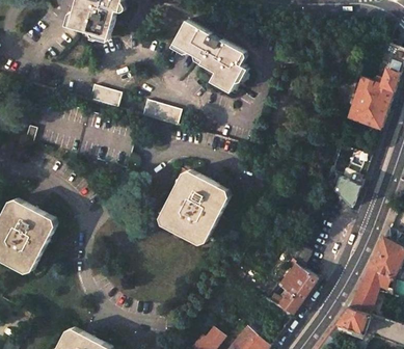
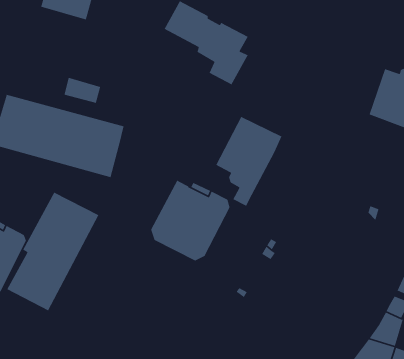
building: [140,101,180,126] -> none
building: none -> [215,116,283,207]
building: none -> [6,191,99,312]
building: [270,262,317,314] -> none

